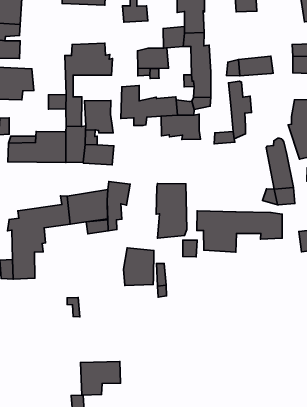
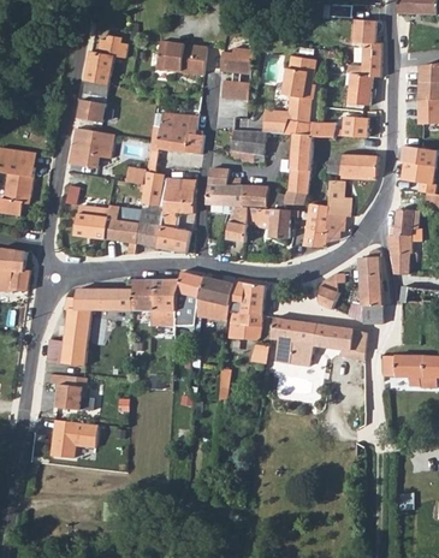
building: none -> [308,120,369,140]
building: none -> [304,203,326,235]
building: none -> [226,206,248,243]
building: none -> [319,273,343,308]
building: [124,248,154,285] -> [195,277,232,321]
building: none -> [55,375,85,410]
building: [80,361,121,395] -> [49,420,96,458]

